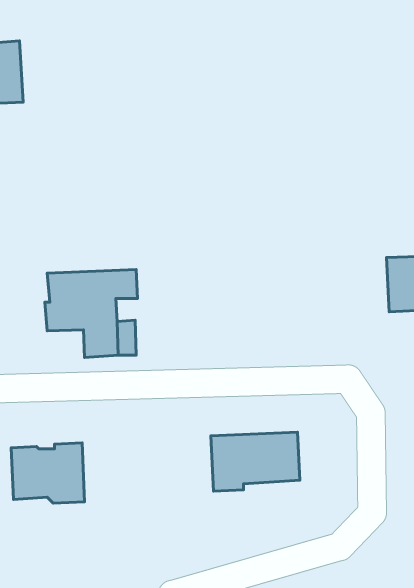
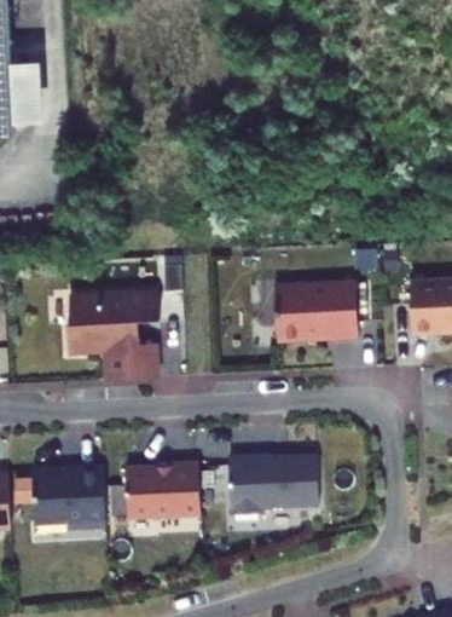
building: none -> [273,282,358,339]
building: none -> [124,461,199,517]

